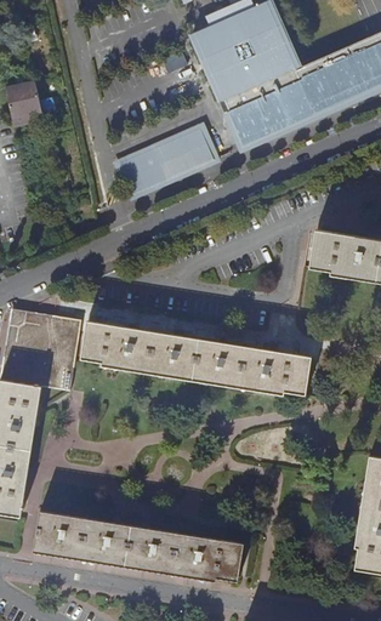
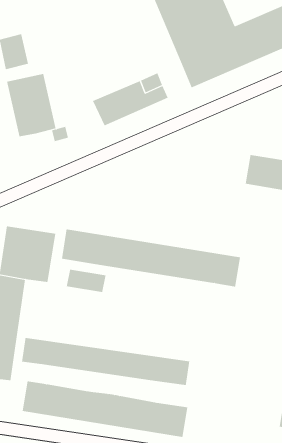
building: none -> [7,73,56,137]
building: none -> [66,269,106,293]
building: none -> [22,337,190,386]

